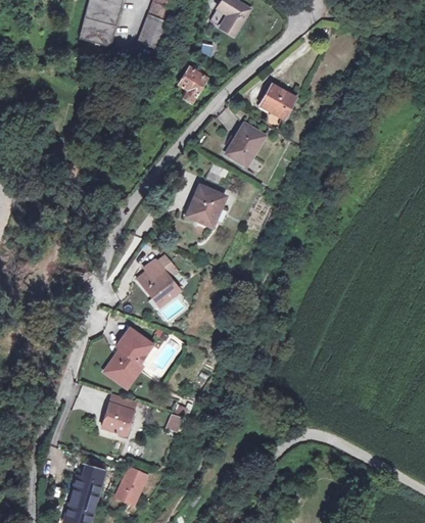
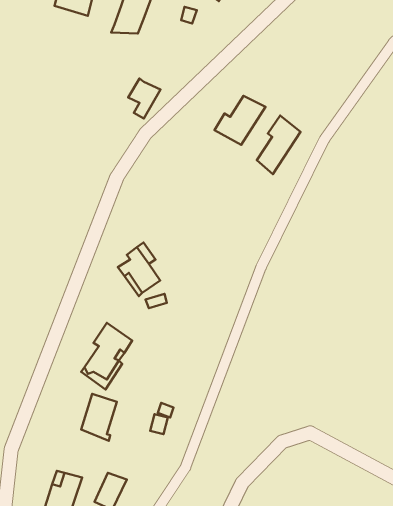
building: [179,66,208,103] -> [128,78,161,119]
building: [259,82,296,115] -> none
building: none -> [257,116,300,174]
building: [183,186,224,224] -> none

